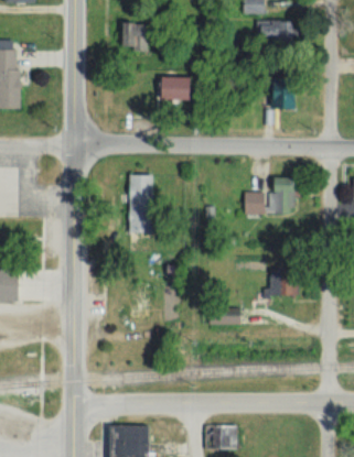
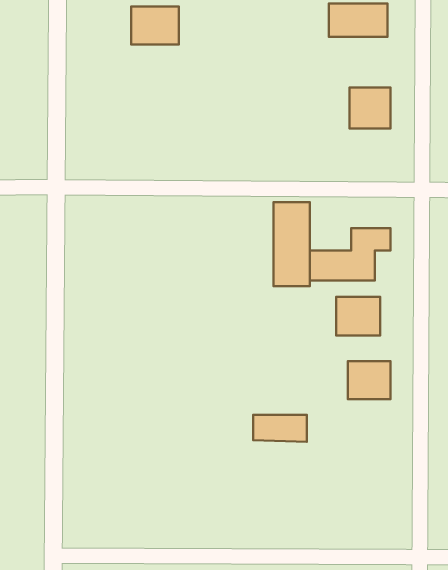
building: [163,77,197,99] -> none
building: [129,174,154,232] -> [273,202,310,286]
building: none -> [336,297,380,335]

